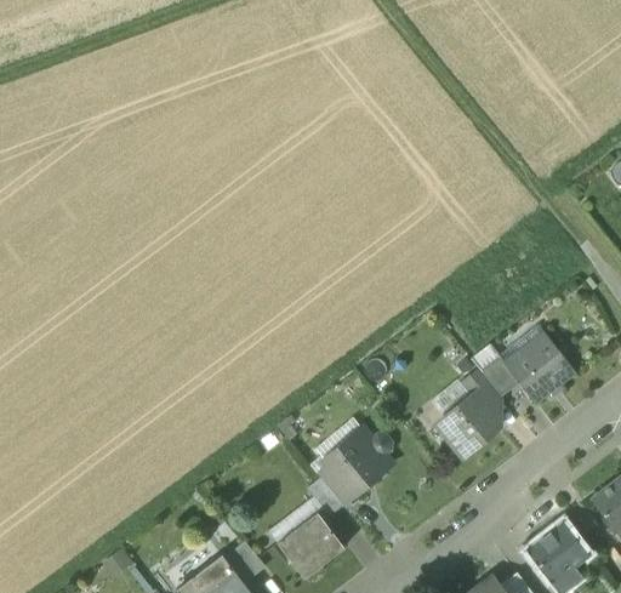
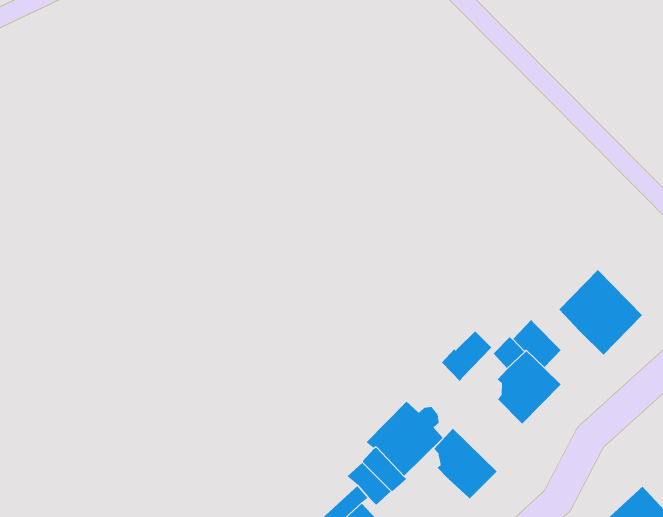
building: [482,357,519,397] -> none
building: none -> [441,330,493,382]
building: none -> [433,428,498,499]

